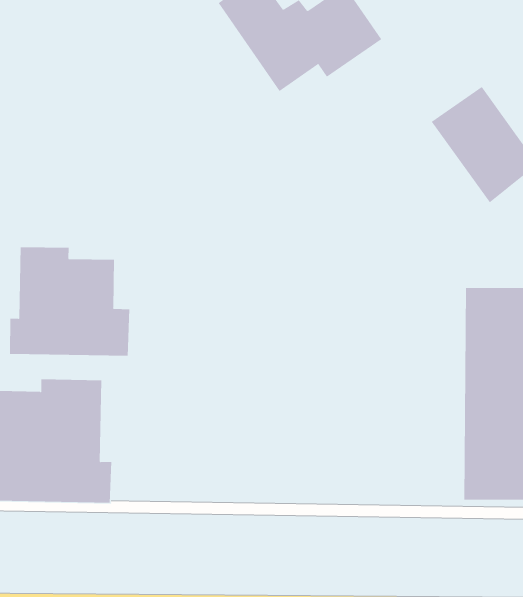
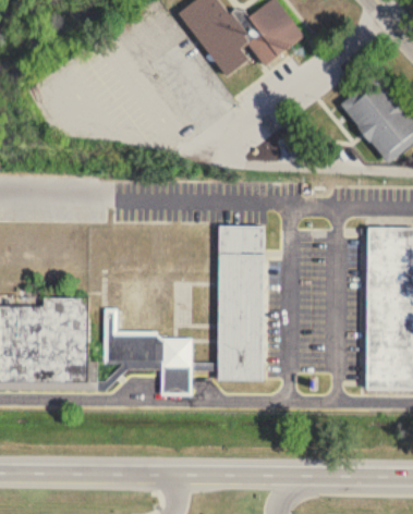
building: [9,246,130,357] -> none
building: none -> [104,225,267,394]

